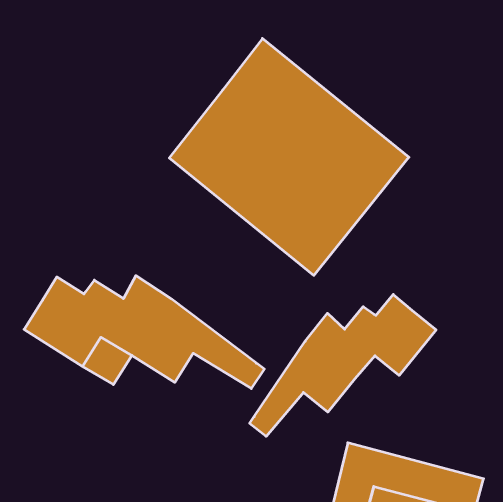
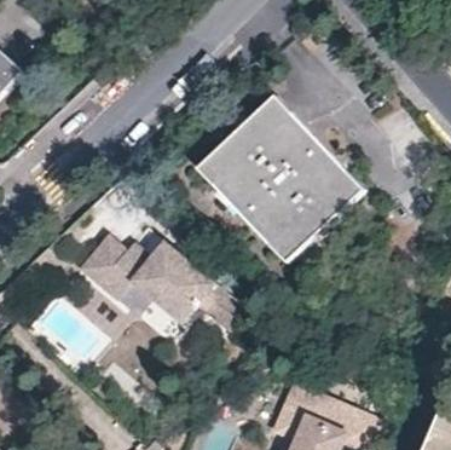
building: [250,294,436,436] -> none

